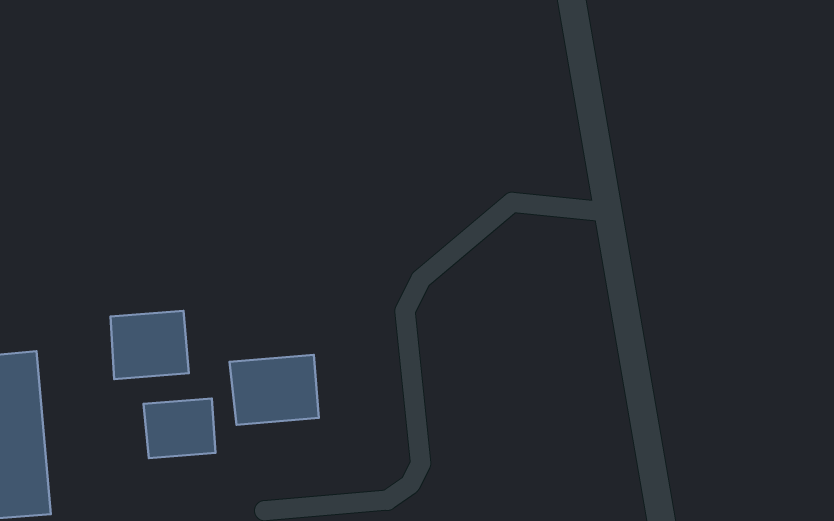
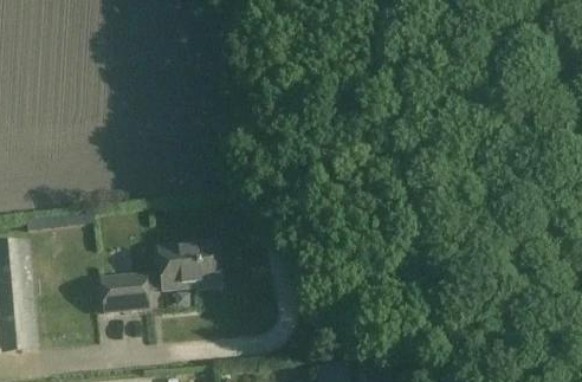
building: [111,311,189,379] -> none

